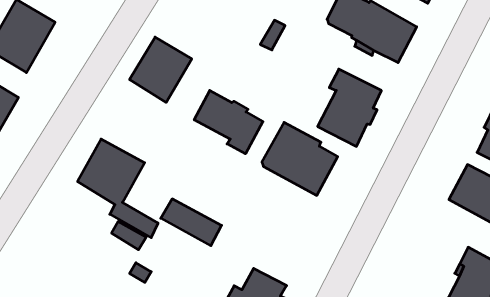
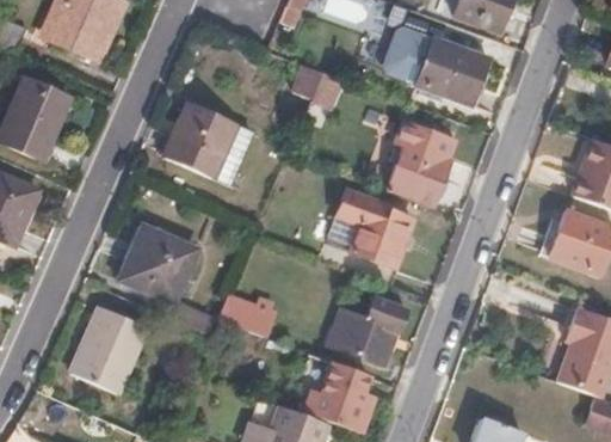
building: [194,90,263,154] -> none
building: none -> [69,308,144,397]
building: none -> [335,295,411,361]

